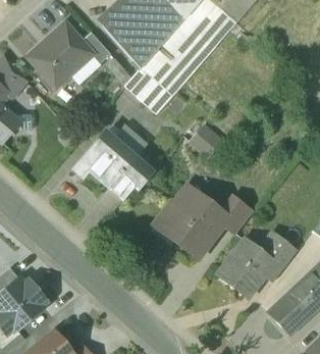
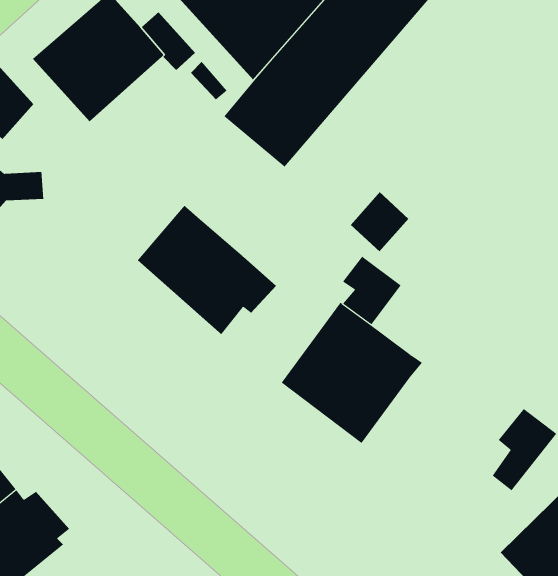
building: [111,124,147,158] -> none
building: [221,196,252,232] -> [342,256,401,325]
building: [218,238,272,294] -> none

